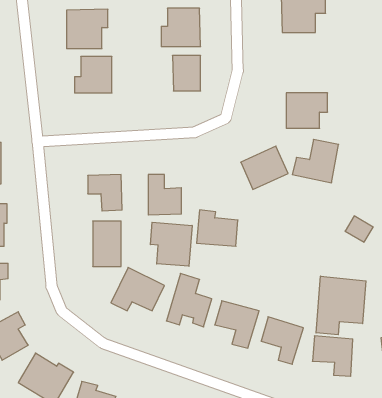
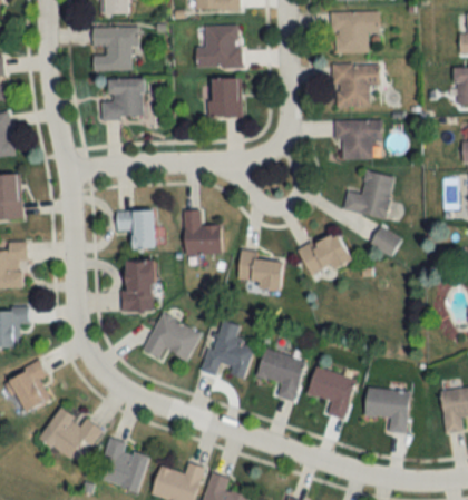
building: none -> [333,63,379,105]
building: [241,146,288,189] -> [298,231,350,278]
building: [345,216,373,242] -> [370,226,401,255]
building: [150,222,192,266] -> none
building: [316,276,366,335] -> none

